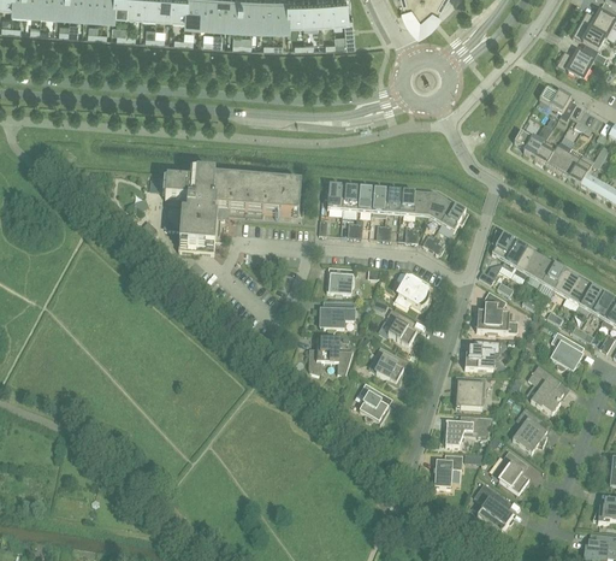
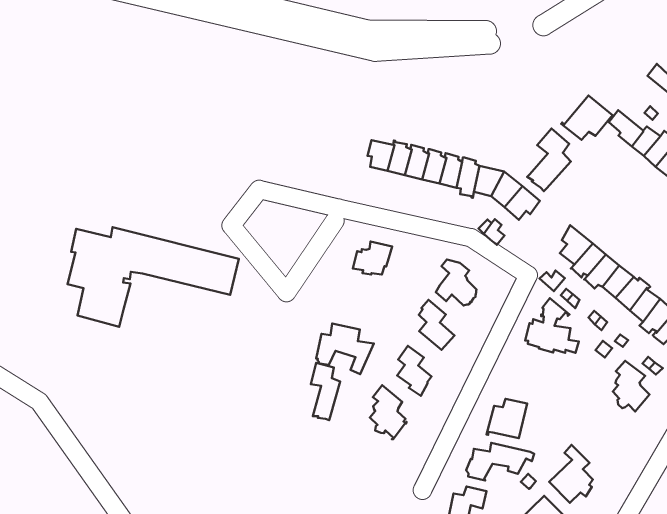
building: none -> [561,96,613,140]
building: none -> [527,129,571,191]
building: [166,175,302,254] -> [68,227,239,327]
building: [321,302,355,332] -> none
building: [466,339,500,370] -> none
building: [528,365,564,414] -> none
building: none -> [311,363,340,420]

